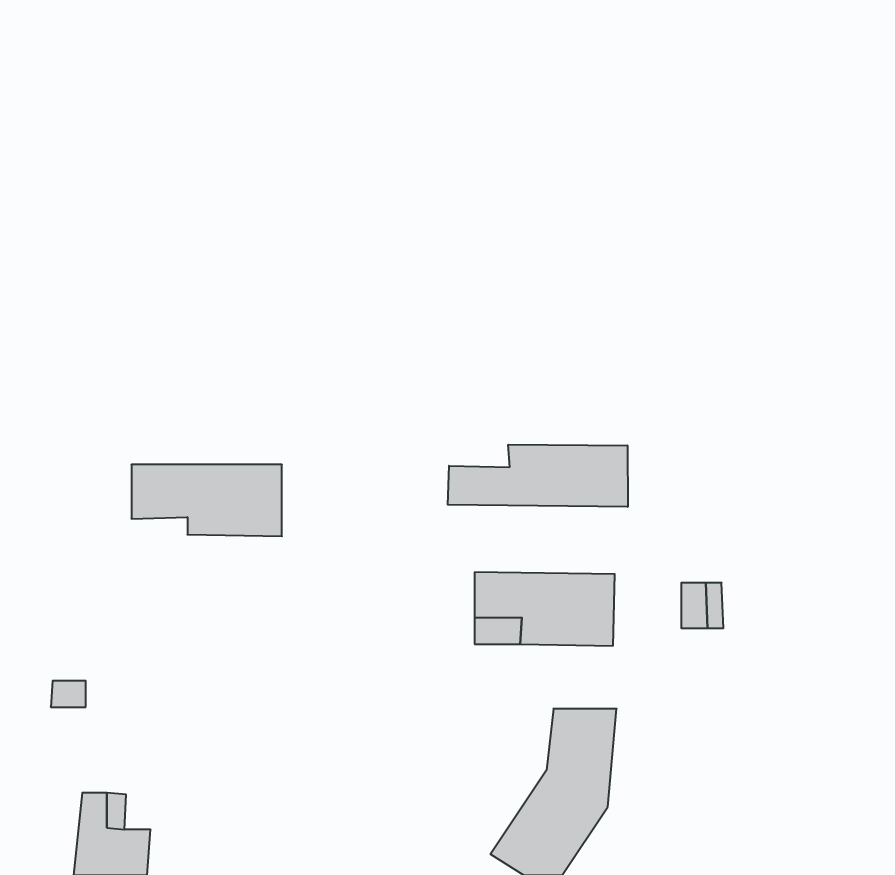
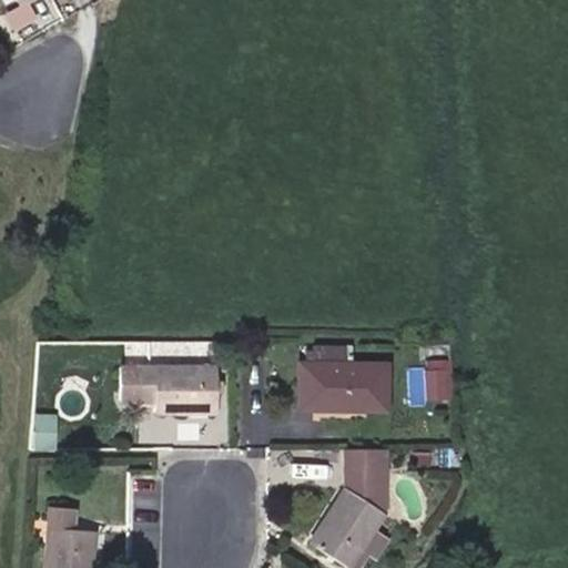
building: [448,445,628,507] -> none
building: [131,465,282,536] -> [119,367,214,413]

